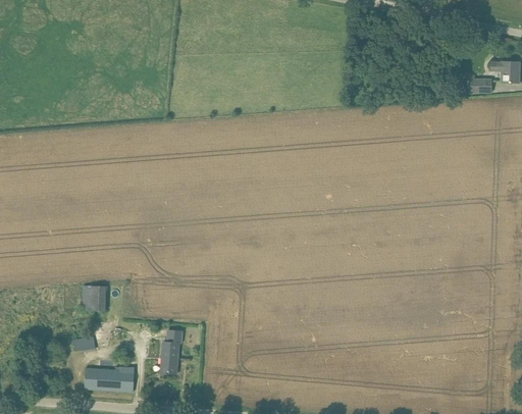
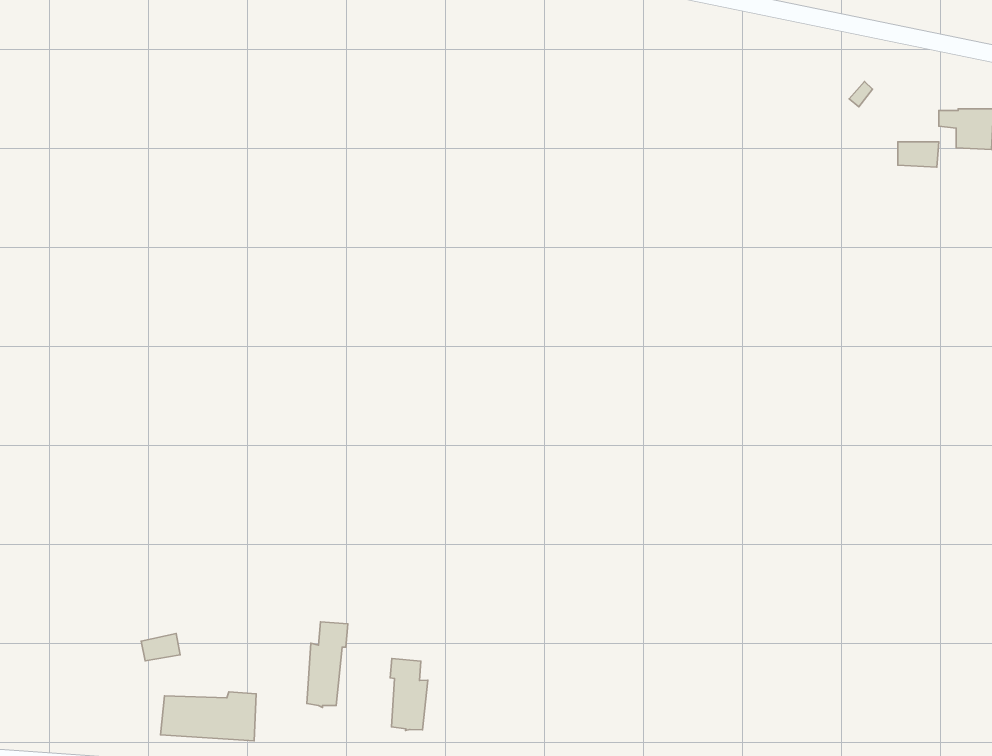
building: [83,286,106,310] -> none
building: none -> [390,658,428,731]

